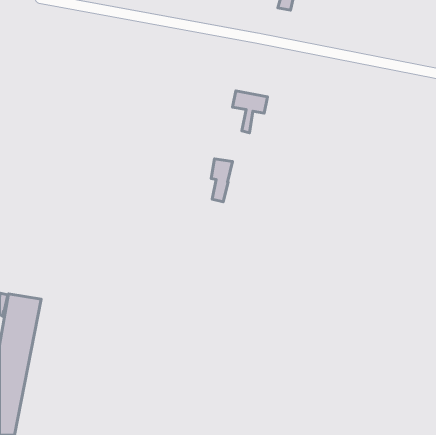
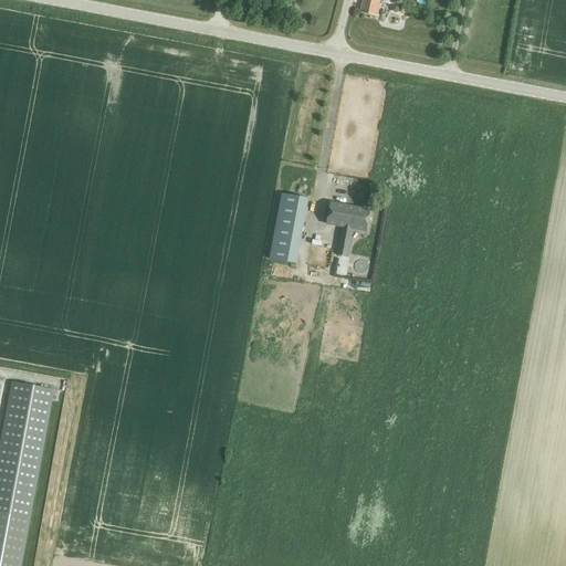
building: [232,91,267,133] -> [325,201,370,255]

